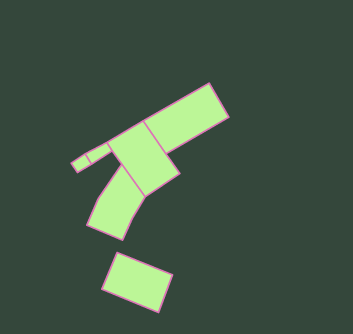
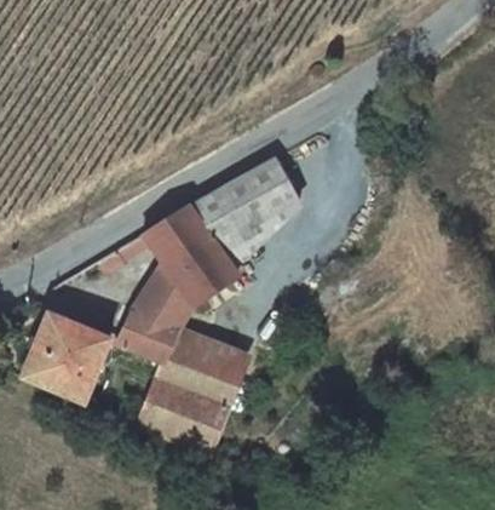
building: none -> [23,313,110,399]
building: none -> [157,331,246,403]

